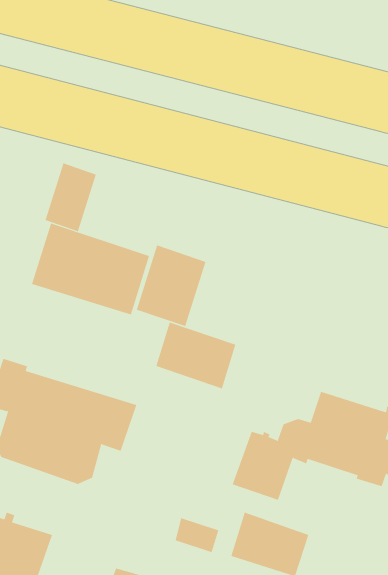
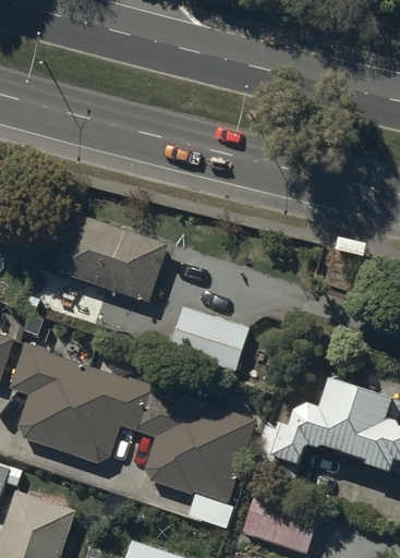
building: [45,163,96,232] -> none
building: [136,245,206,327] -> none
building: none -> [140,388,256,504]

